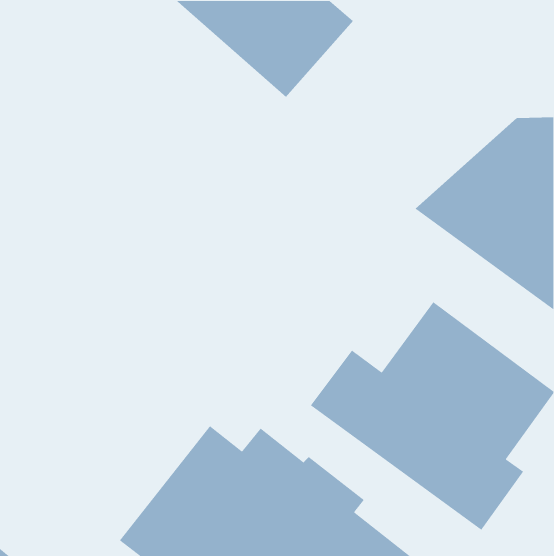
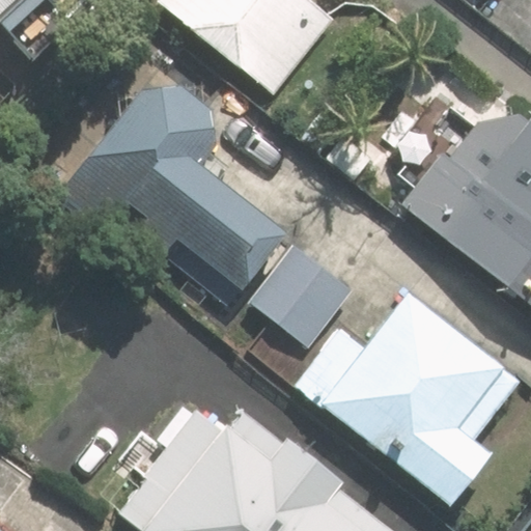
building: none -> [83,71,287,288]
building: none -> [244,240,356,351]

